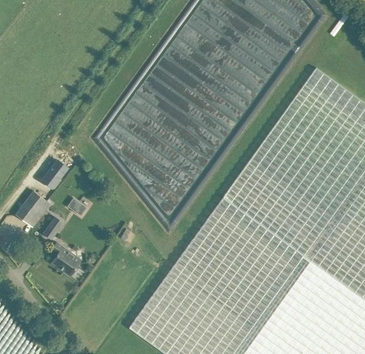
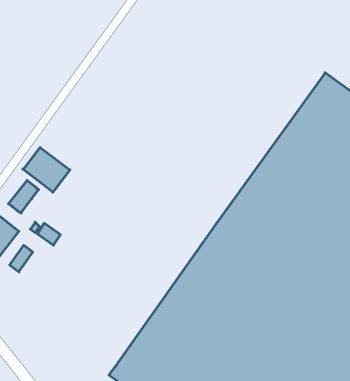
building: none -> [23,148,70,192]
building: [51,242,81,275] -> none

